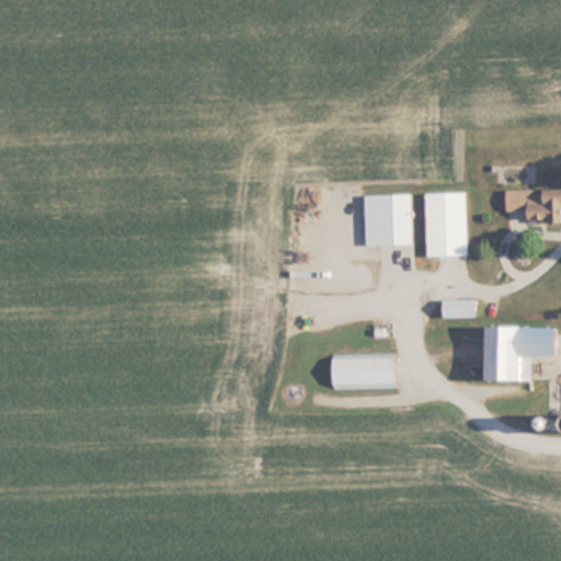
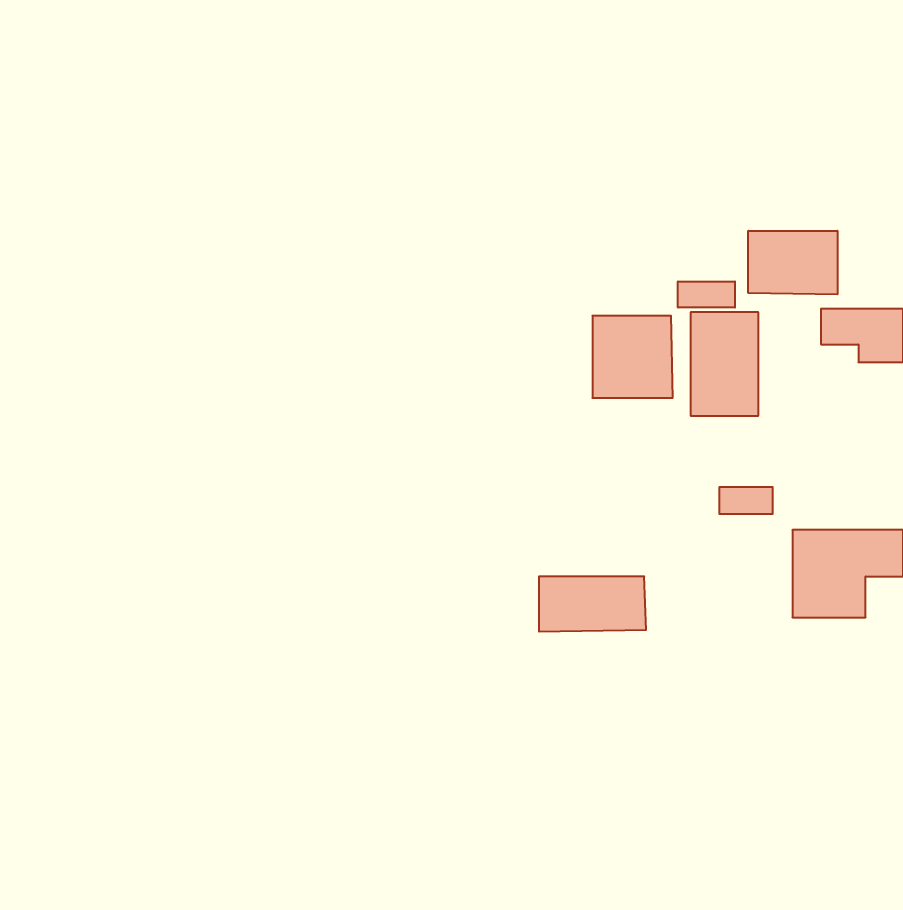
building: none -> [748,231,837,294]
building: none -> [678,281,735,308]

